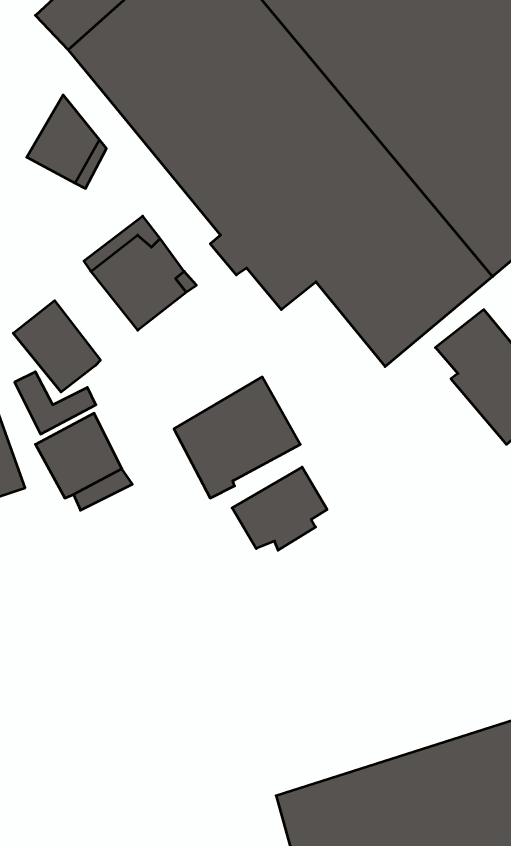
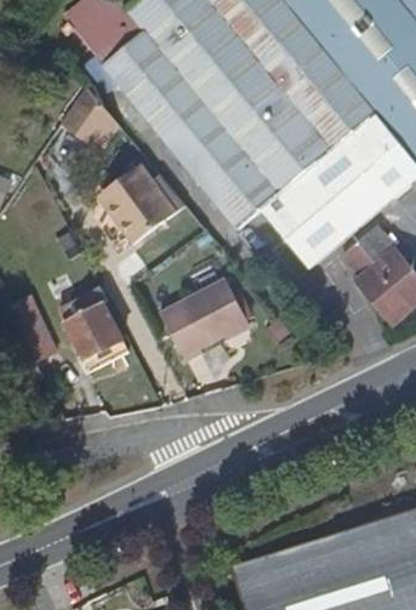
building: [13,301,100,392] -> none
building: [232,467,327,550] -> none

